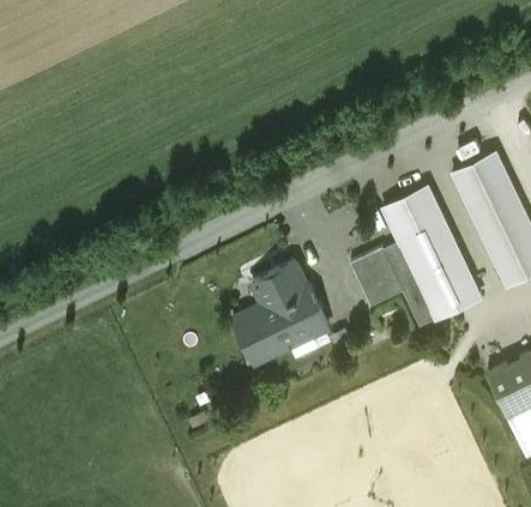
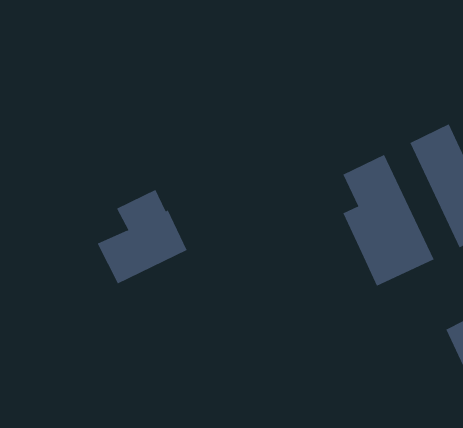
building: [351,248,403,307] -> none
building: [233,262,328,363] -> [97,189,188,284]

